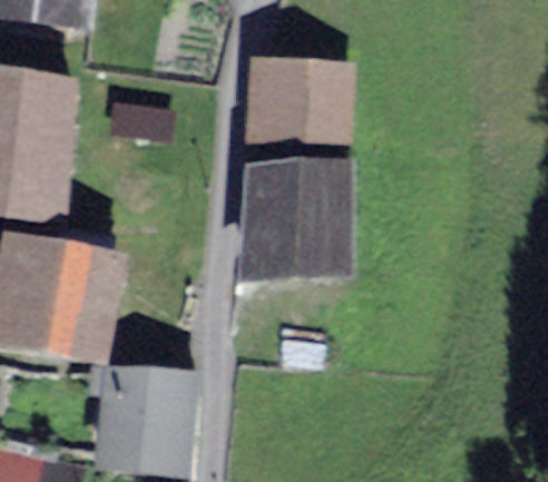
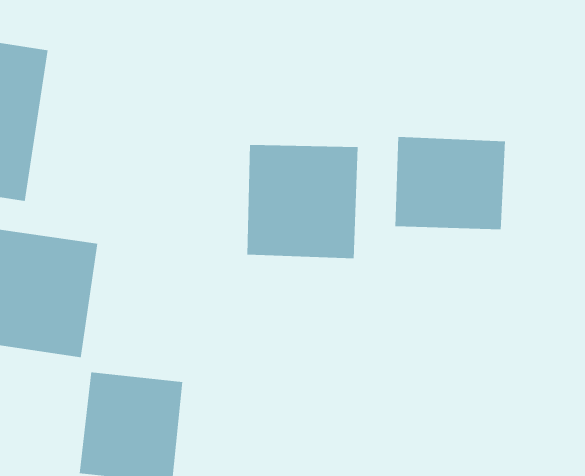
building: [248,60,345,137] -> none
building: none -> [395,136,505,230]

